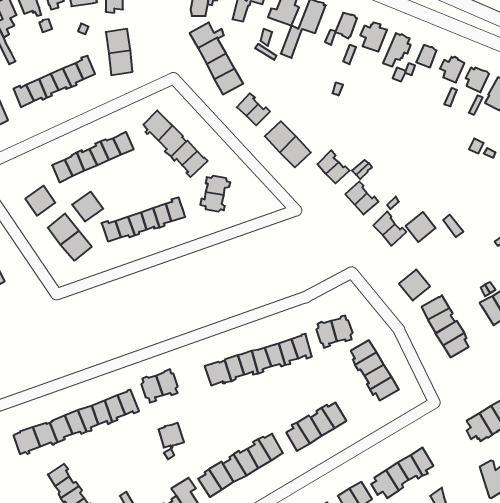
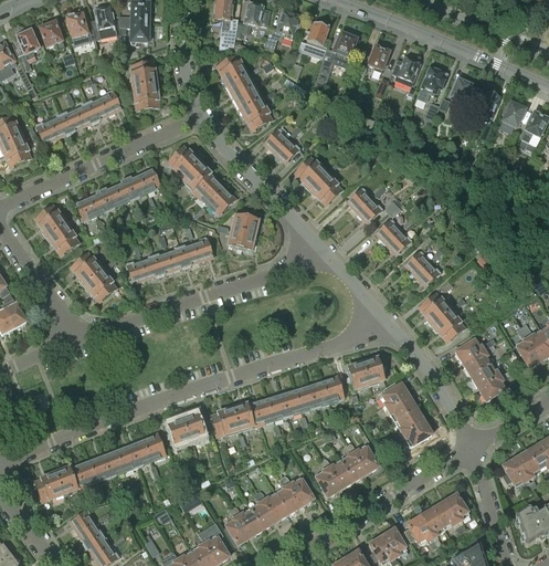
building: [72,192,103,222] -> [34,206,66,237]
building: [406,212,436,242] -> [419,293,450,324]
building: [158,423,184,449] -> [212,409,239,436]

